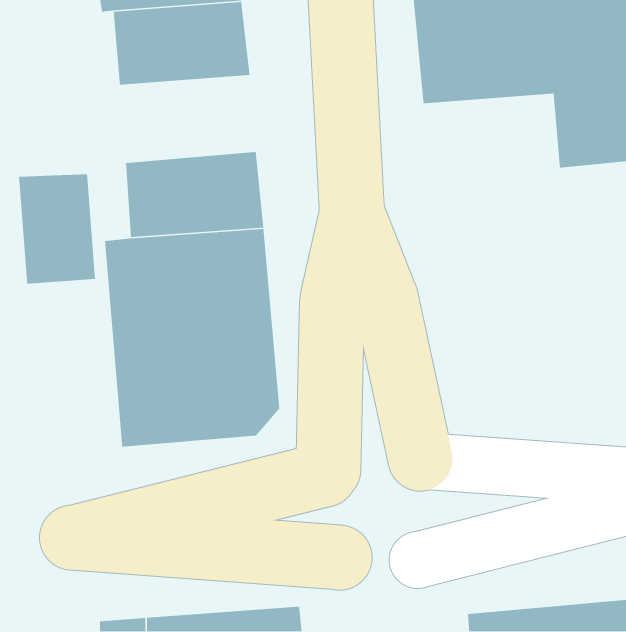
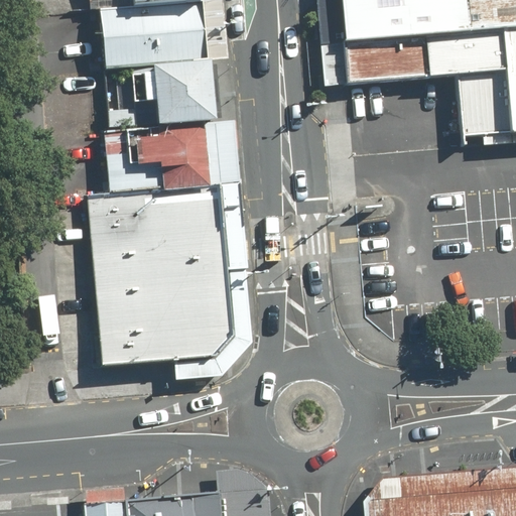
building: none -> [103,61,215,132]
building: [18,173,96,284] -> none

